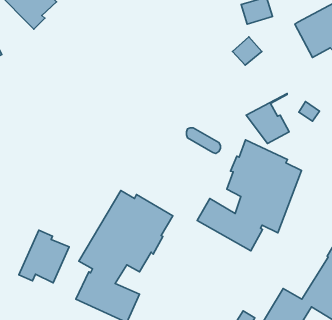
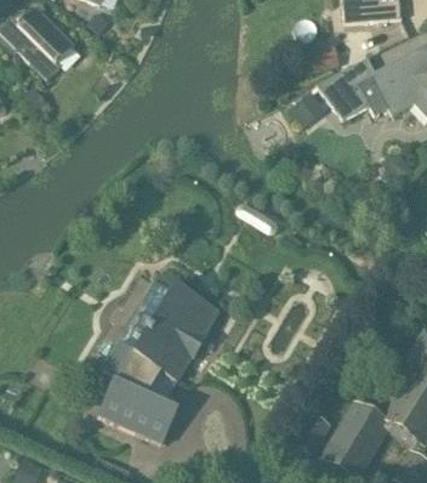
building: [246,94,289,143] -> [317,57,370,119]
building: [197,140,301,251] -> none
building: [19,230,69,283] -> none

